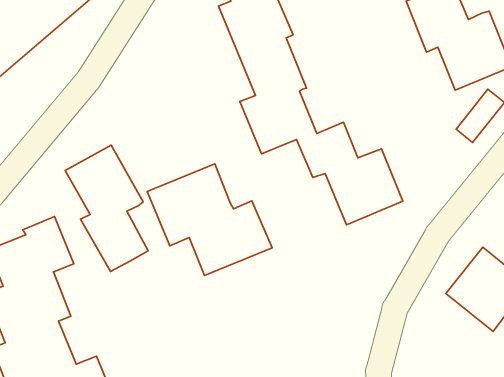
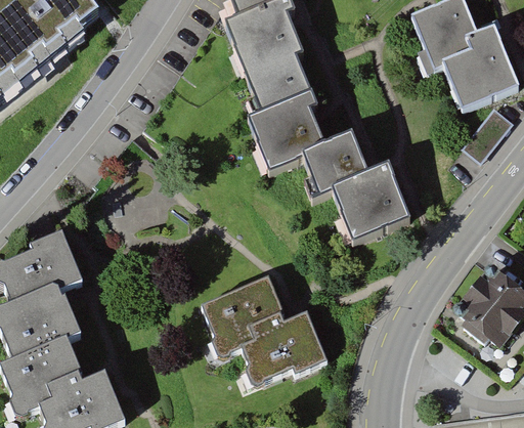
building: [65,145,148,271] -> none
building: [147,164,272,276] -> [202,273,326,385]

